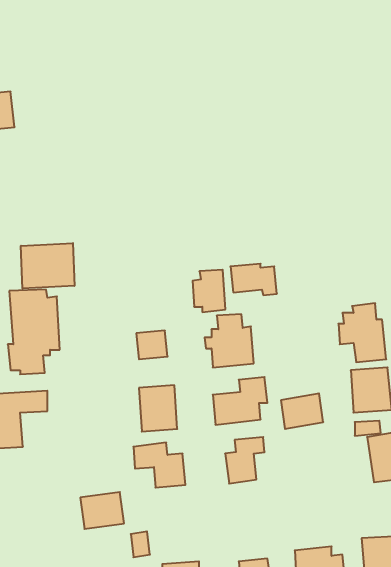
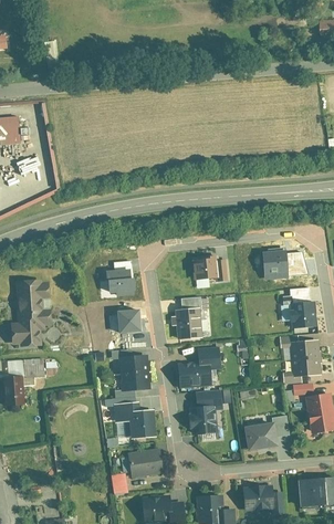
building: [21,243,74,289] -> none
building: none -> [263,249,290,279]
building: [193,270,225,312] -> [108,261,135,295]
building: [281,393,323,429] -> [243,421,278,450]
building: [80,492,124,529] -> [128,448,164,478]

